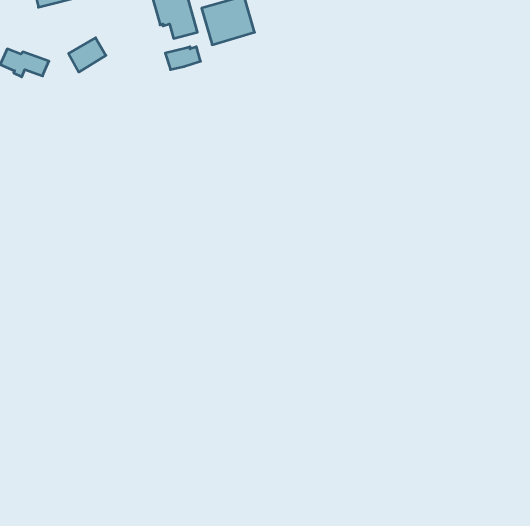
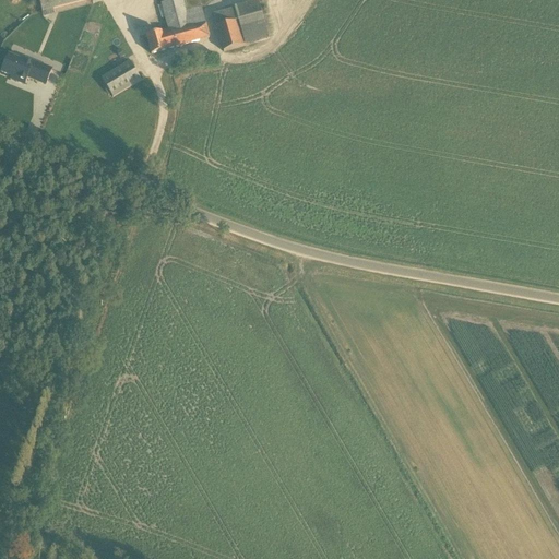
building: [69,38,106,72] -> [100,57,140,93]
building: [165,47,201,70] -> [145,25,182,49]

